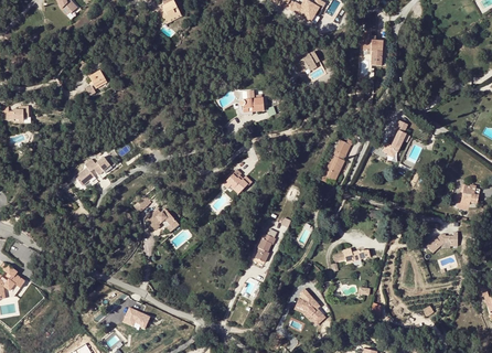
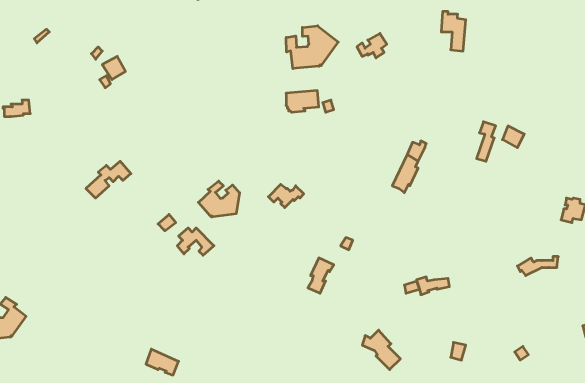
building: none -> [286,26,338,69]
building: none -> [198,181,240,217]

